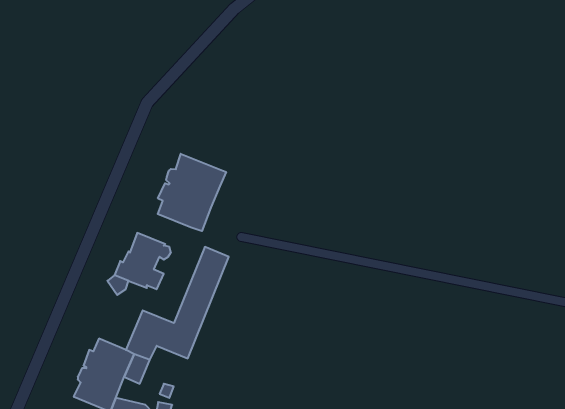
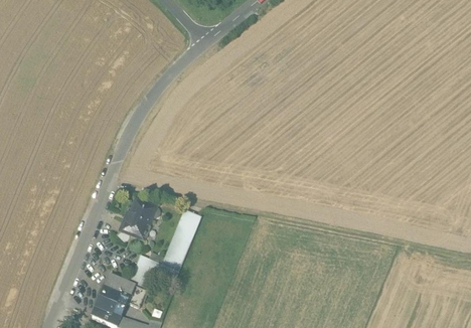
building: [158,154,226,231] -> none

